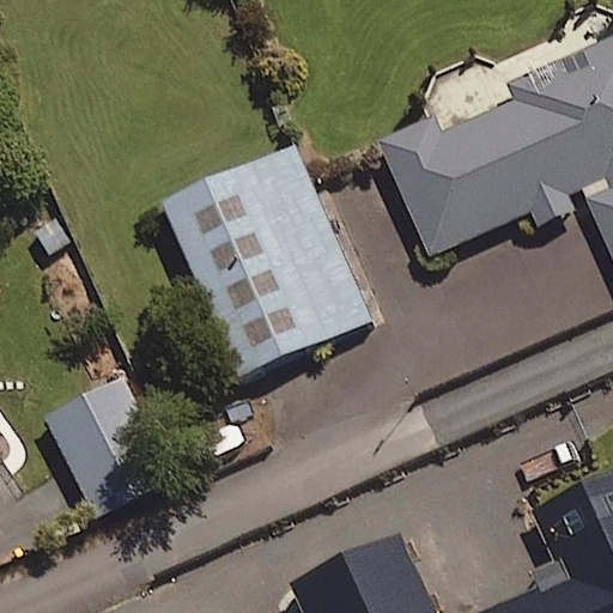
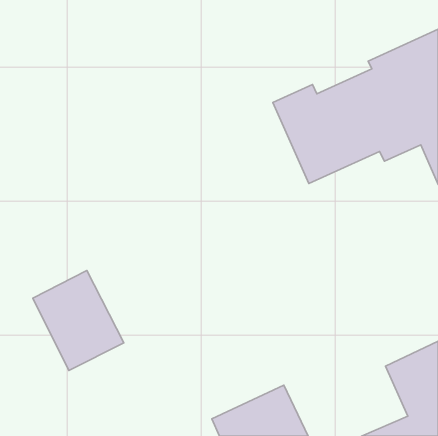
building: [163,144,370,376] -> none

